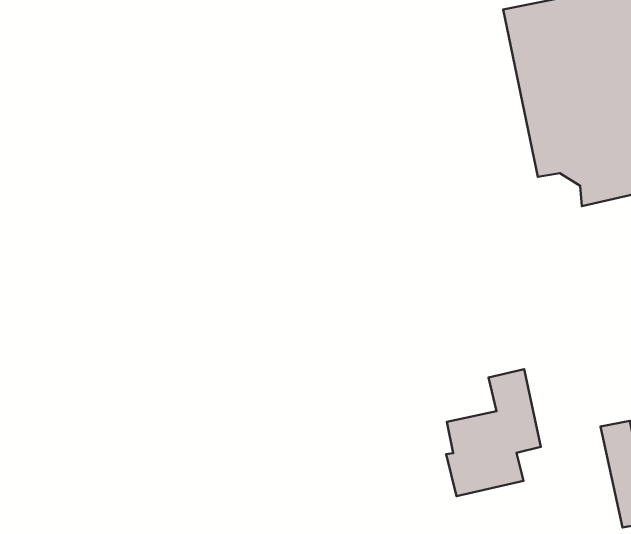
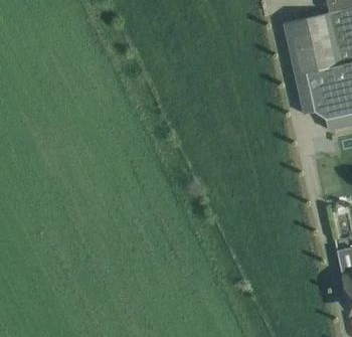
building: [446,369,541,496] -> none

